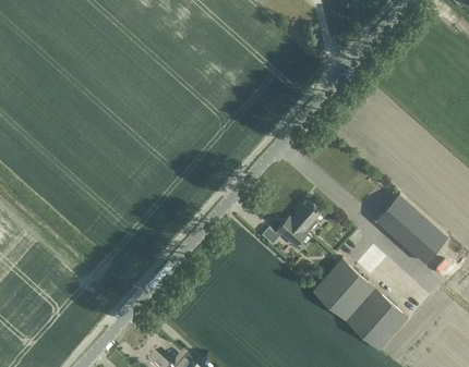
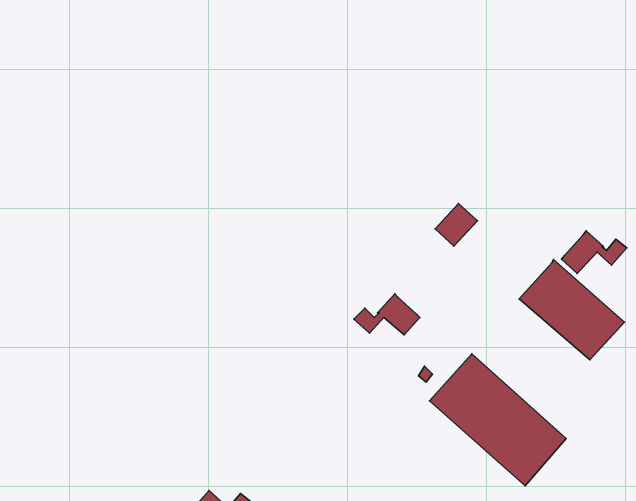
building: none -> [561,231,627,273]
building: [290,203,320,232] -> [435,204,477,246]

